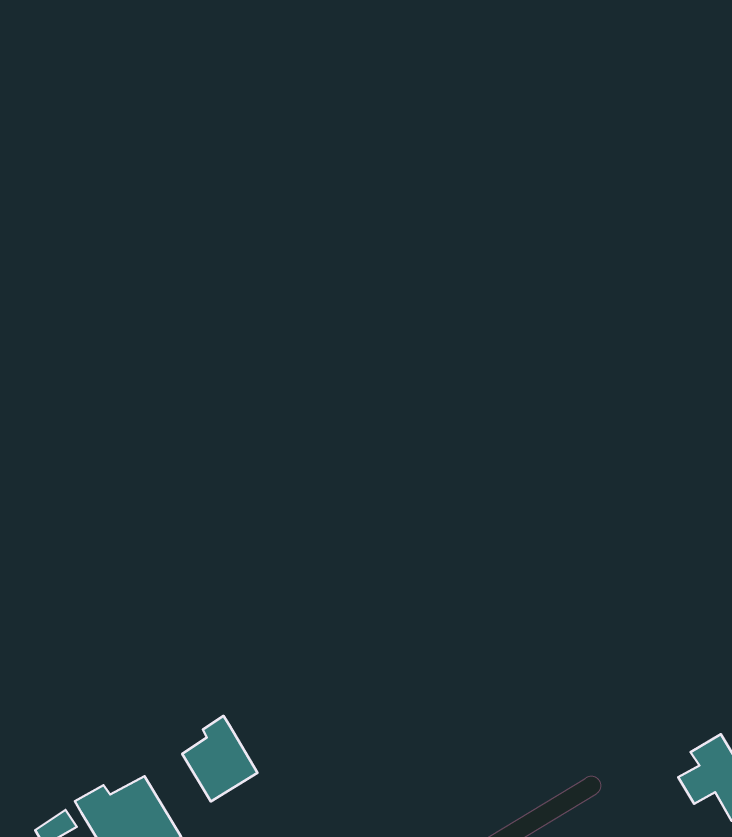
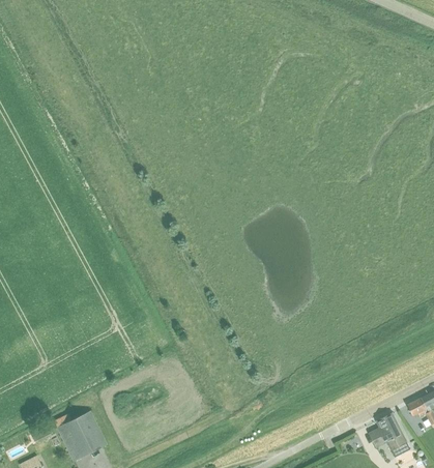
building: [182,716,258,802] -> none

